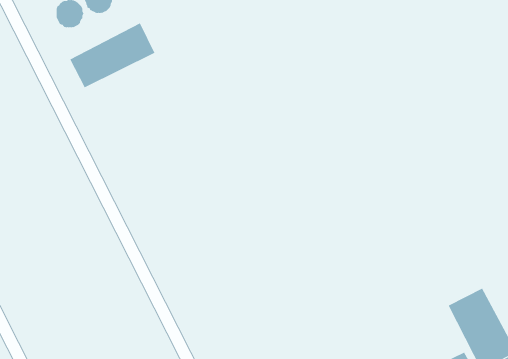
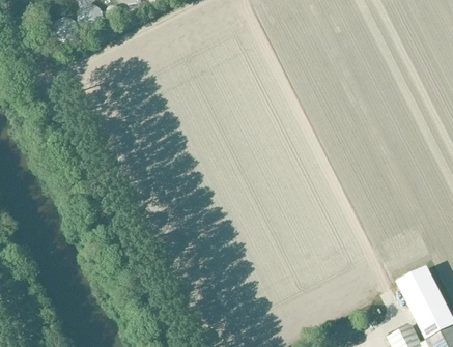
building: [69,23,155,88] -> none

